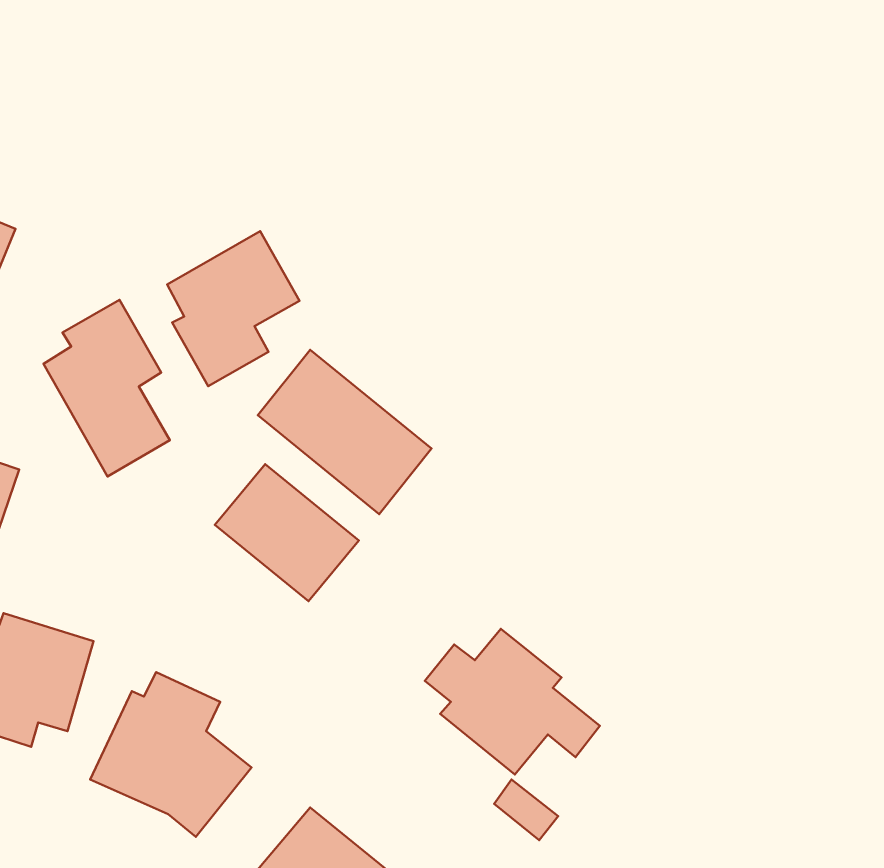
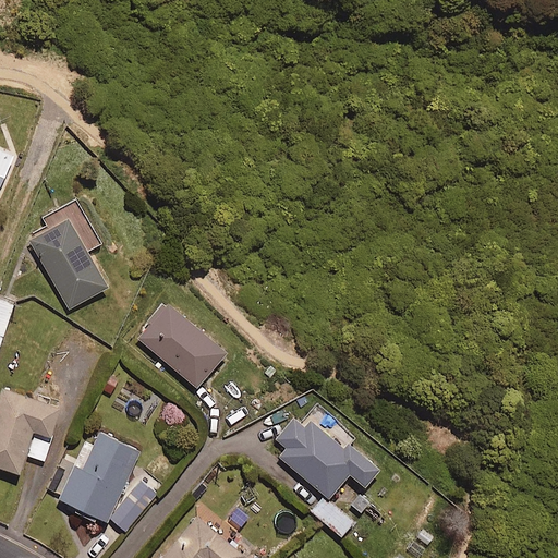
building: [167,231,299,386] -> none
building: [258,350,432,514] -> none

